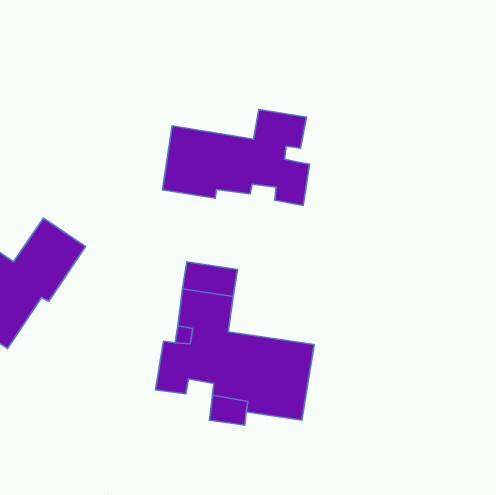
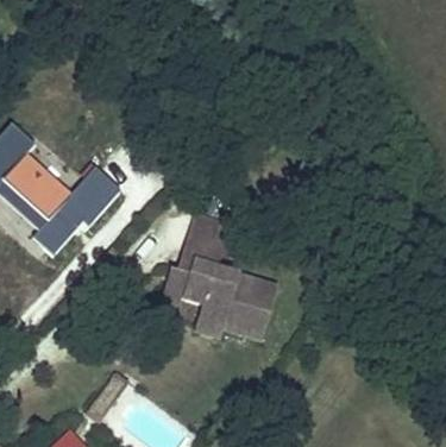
building: [163,110,309,205] -> none

